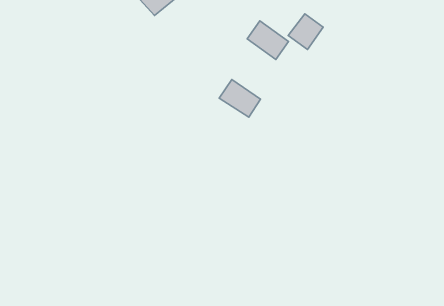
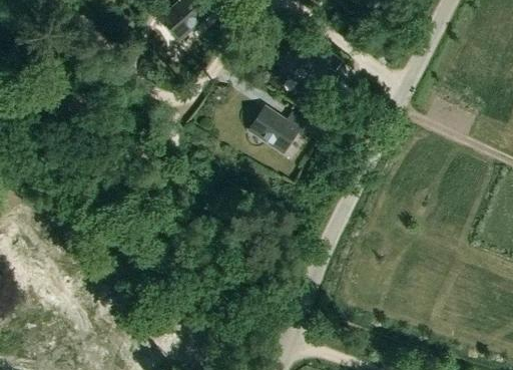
building: [288,14,323,49] -> none

